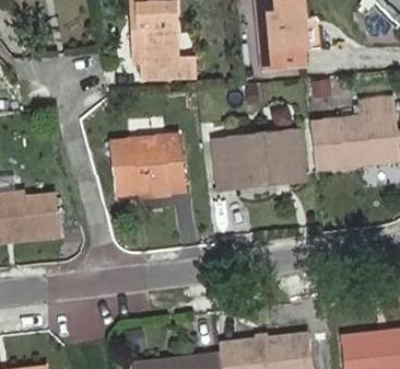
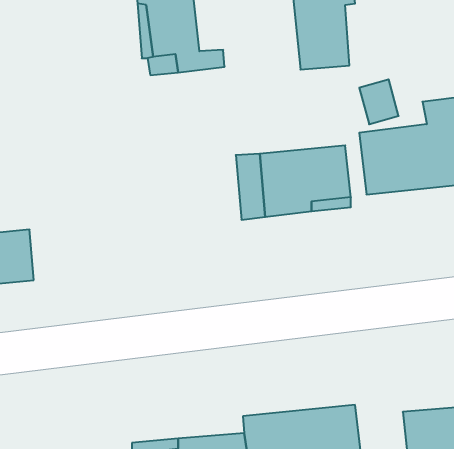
building: [106,136,179,196] -> none

